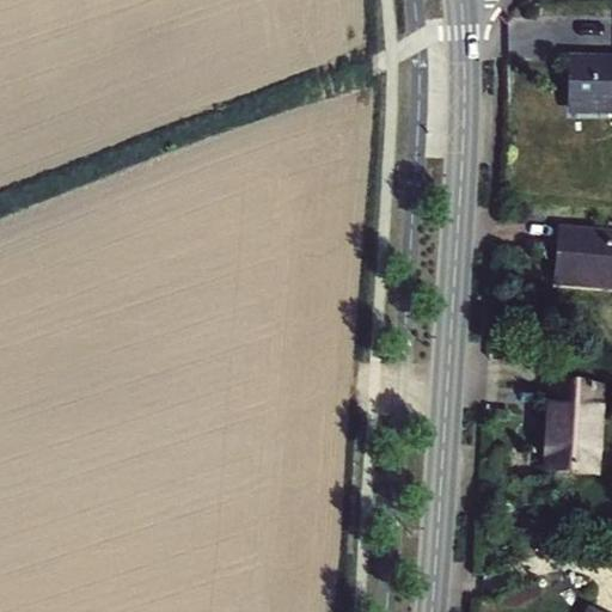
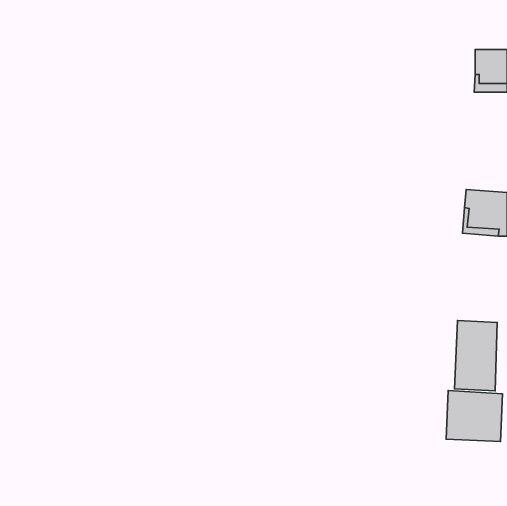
building: none -> [446,390,502,442]

